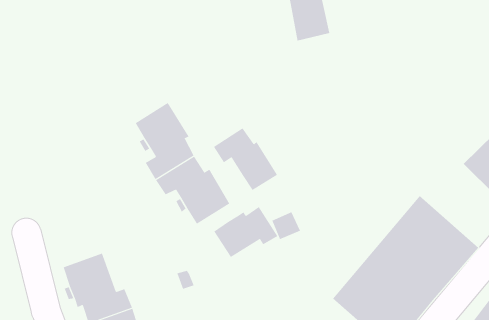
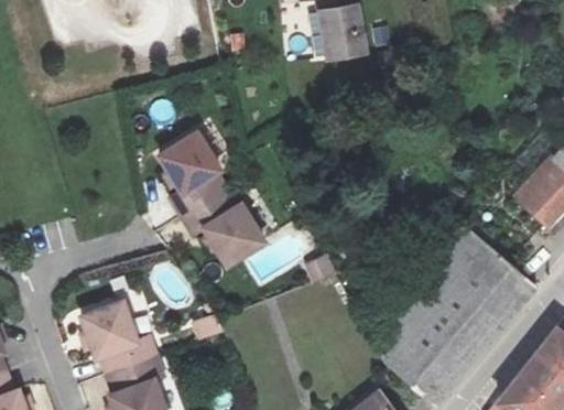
building: [213,128,278,191] -> none
building: [214,206,278,258] -> none

